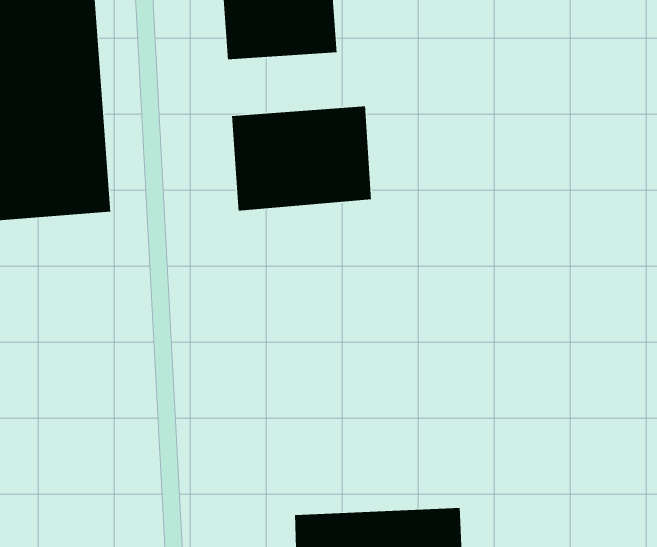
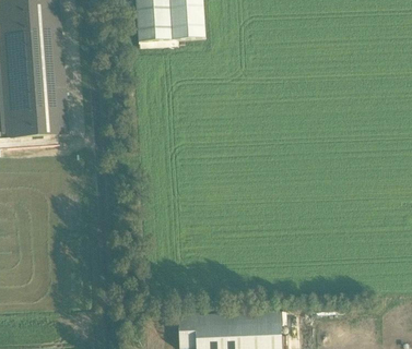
building: [231,105,372,212] -> none

